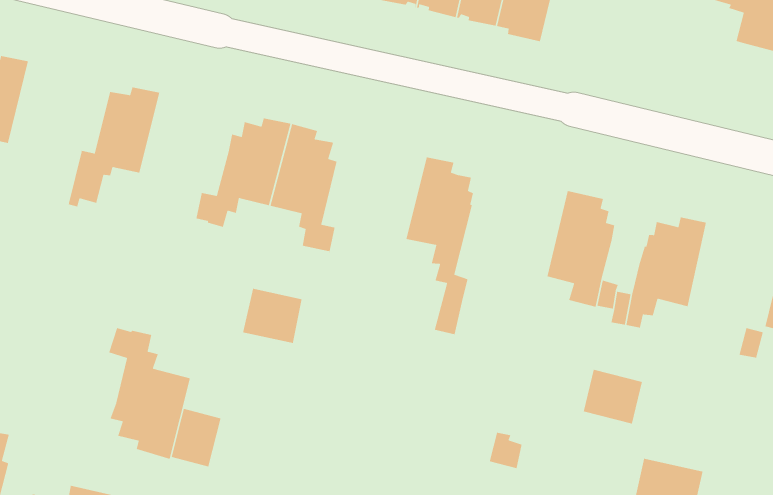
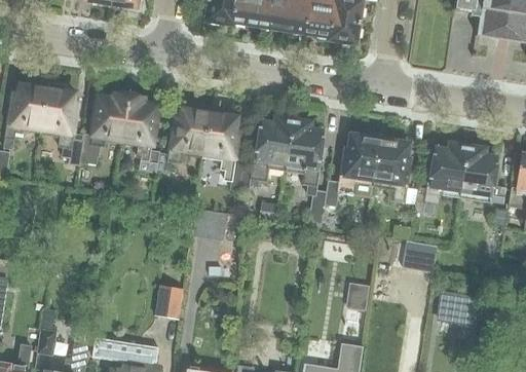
building: none -> [40,80,84,164]
building: none -> [121,92,160,172]
building: none -> [240,115,294,186]
building: none -> [324,127,381,204]
building: none -> [460,144,505,202]
building: [108,327,191,460] -> none

